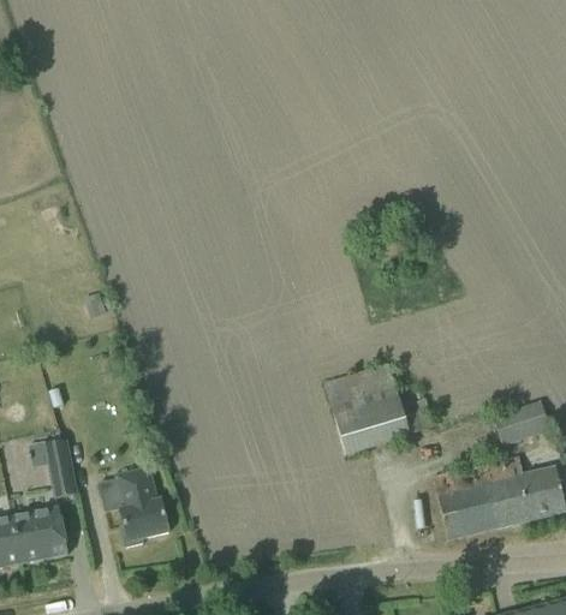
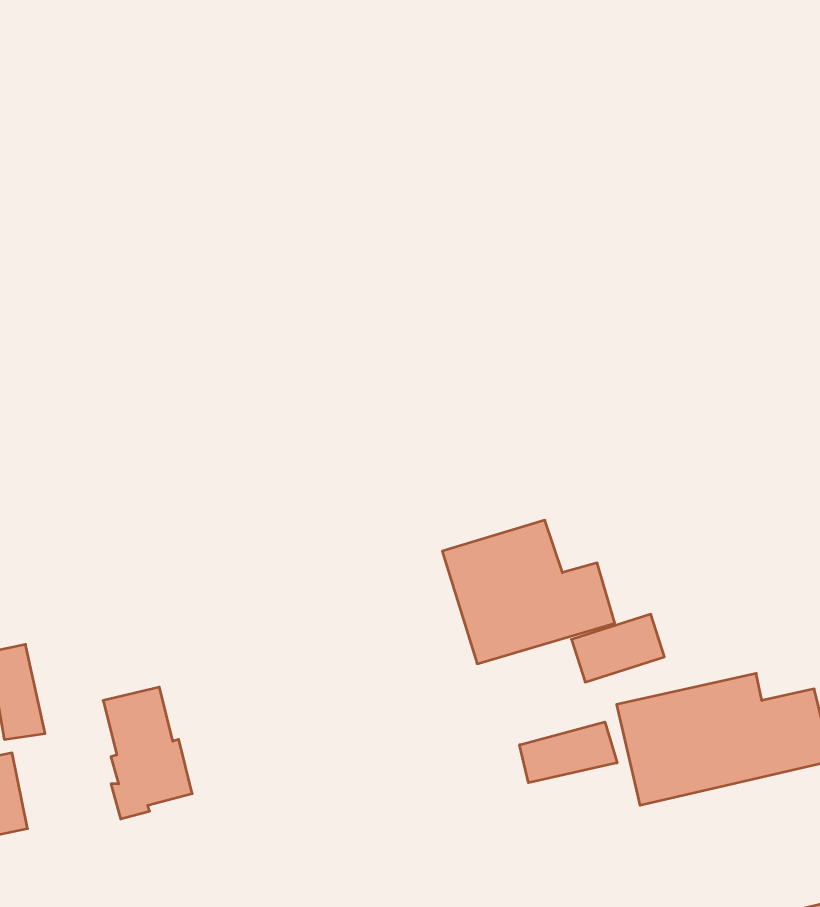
building: [491,404,549,446] -> [571,614,664,682]
building: none -> [520,722,617,783]

